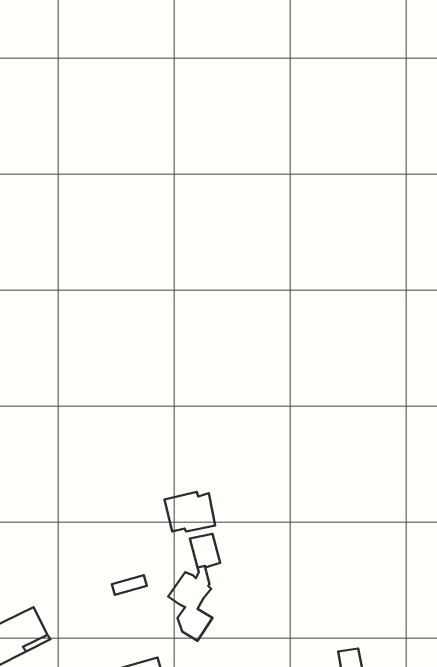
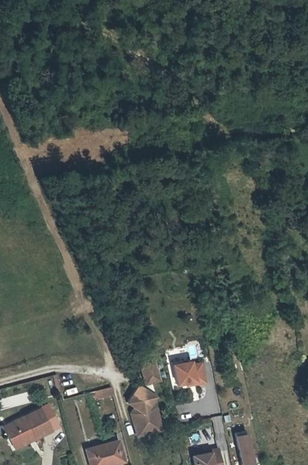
building: [165,492,215,532] -> [175,361,208,387]
building: none -> [130,402,162,436]

